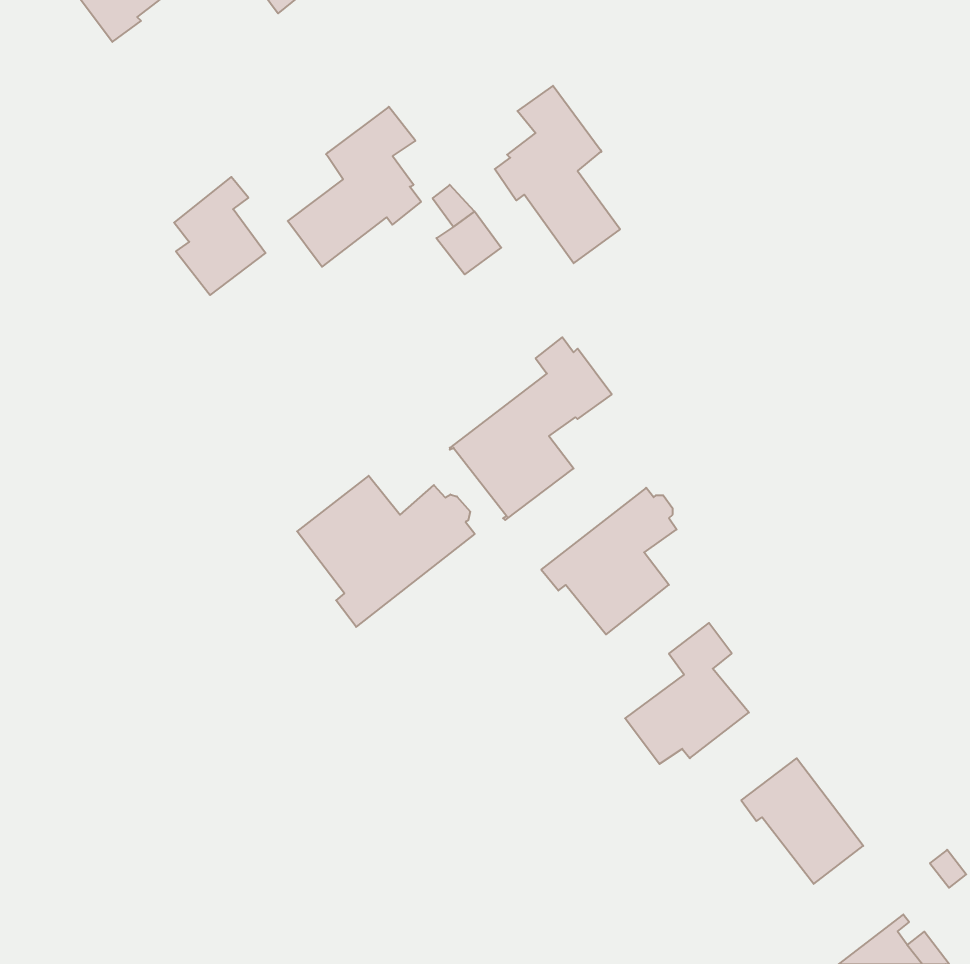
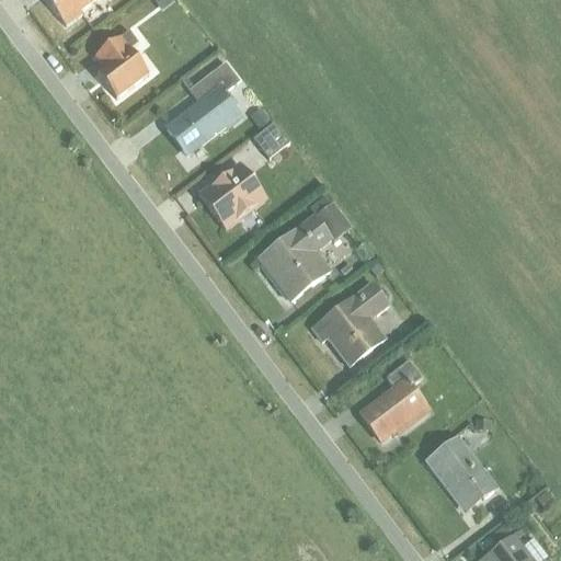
building: [495,86,620,263] -> none
building: [174,177,266,295] -> [94,28,147,96]
building: none -> [197,162,265,229]
building: [297,476,475,627] -> none

